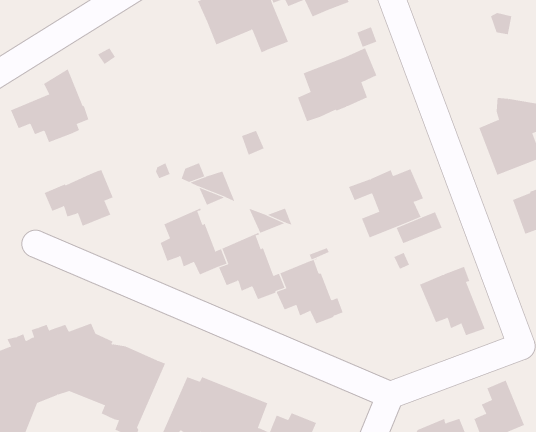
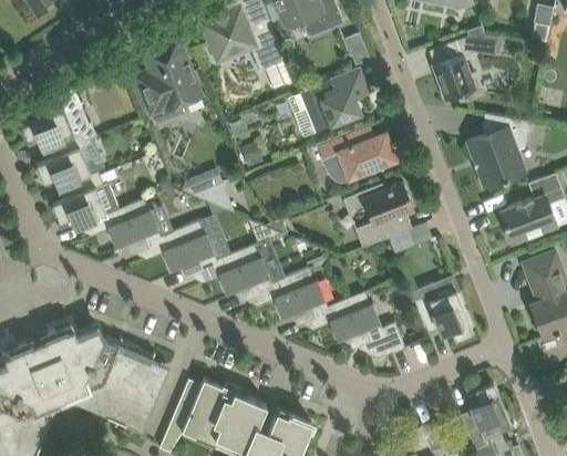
building: none -> [430,37,483,102]
building: none -> [134,43,202,126]
building: none -> [309,123,394,178]
building: none -> [35,148,103,197]
building: none -> [107,197,172,260]
building: none -> [329,290,405,359]

